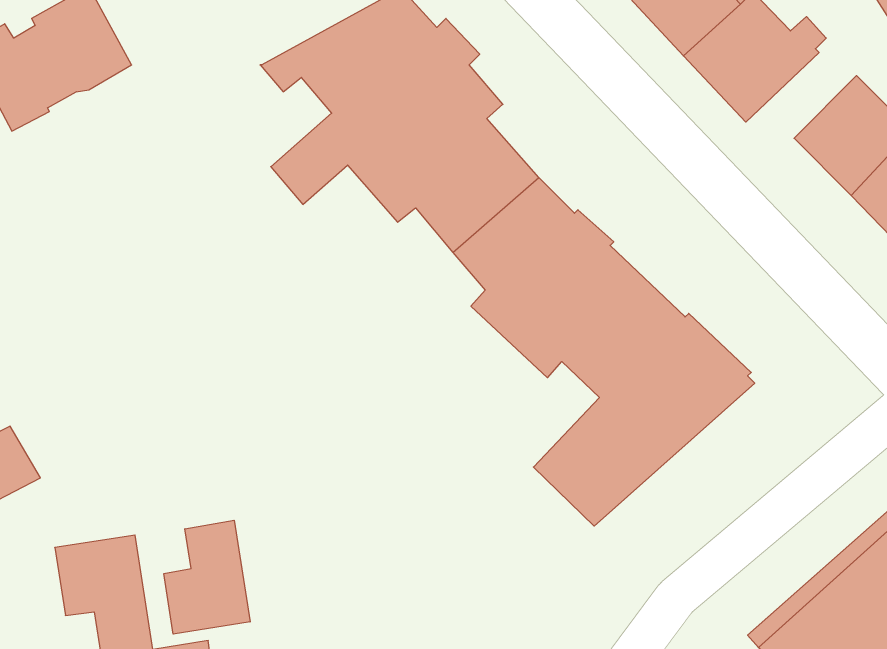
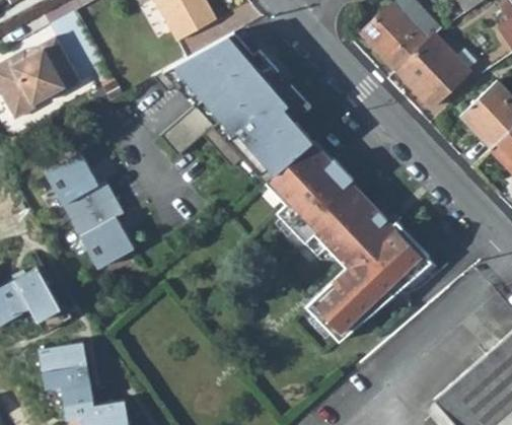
building: none -> [45,153,134,269]
building: none -> [13,269,61,324]
building: [164,520,250,634] -> none

